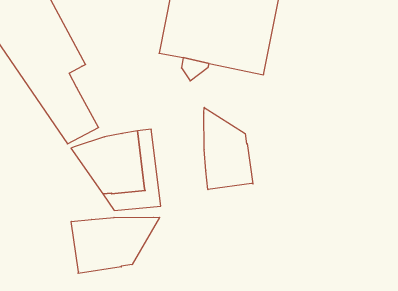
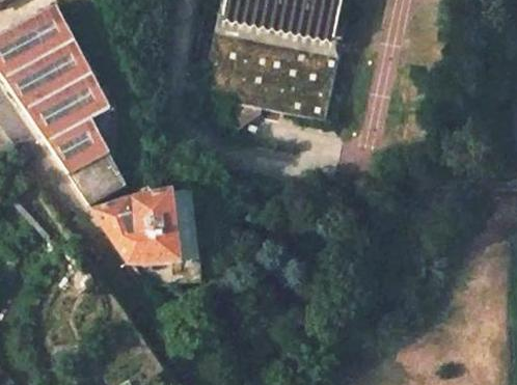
building: [204,107,253,190] -> none
building: [71,217,160,273] -> none

